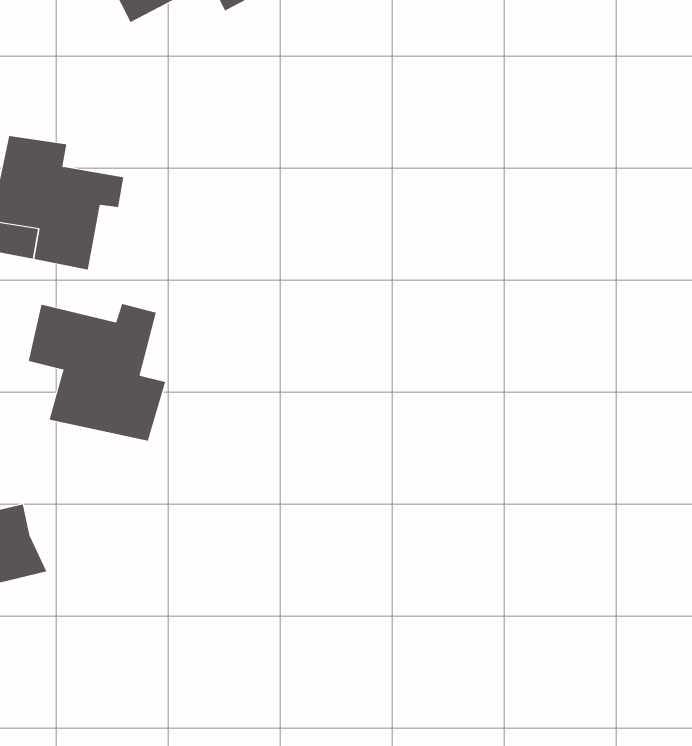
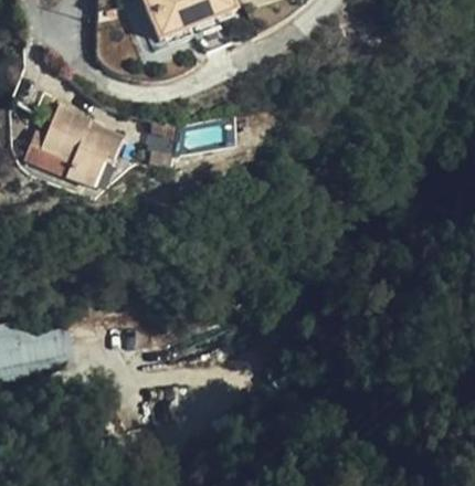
building: [28,303,166,441] -> none

